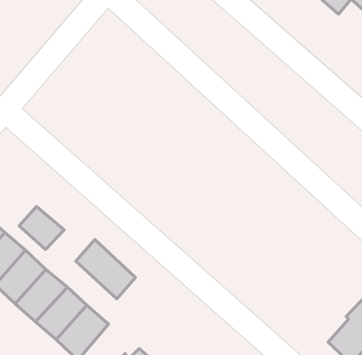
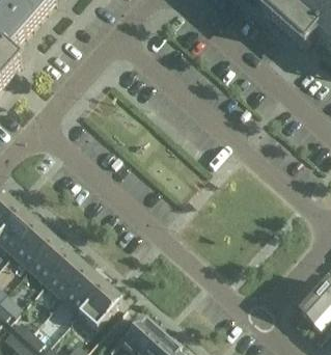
building: [19,207,64,249] -> none
building: [76,240,136,299] -> none

